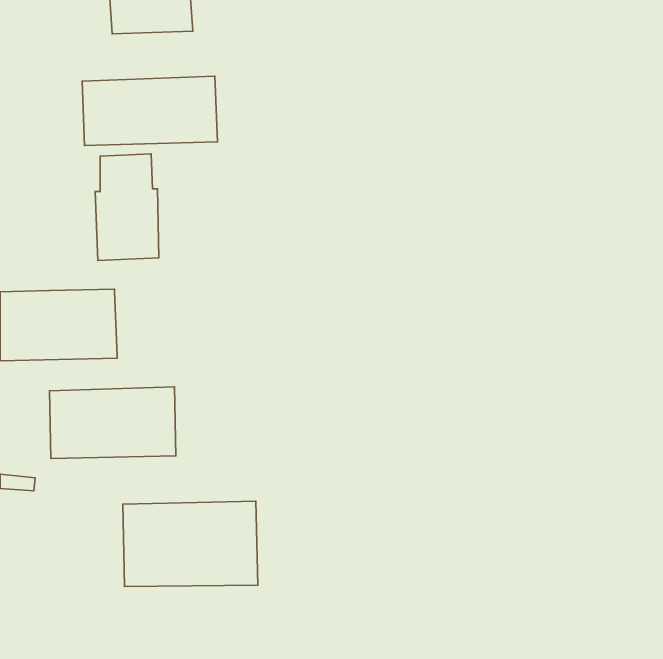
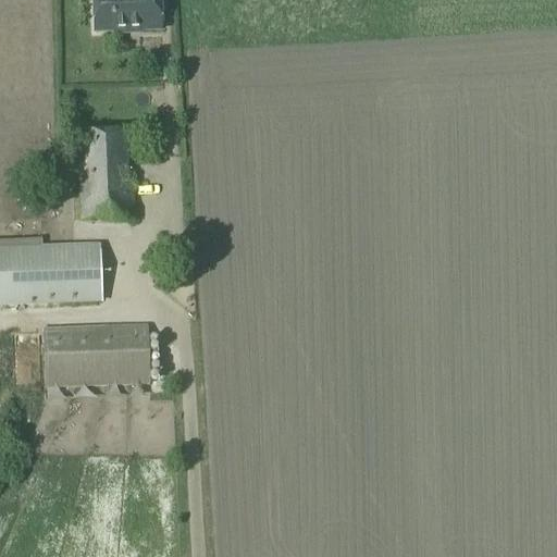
building: [82,76,217,146] -> none
building: [123,501,258,587] -> none

